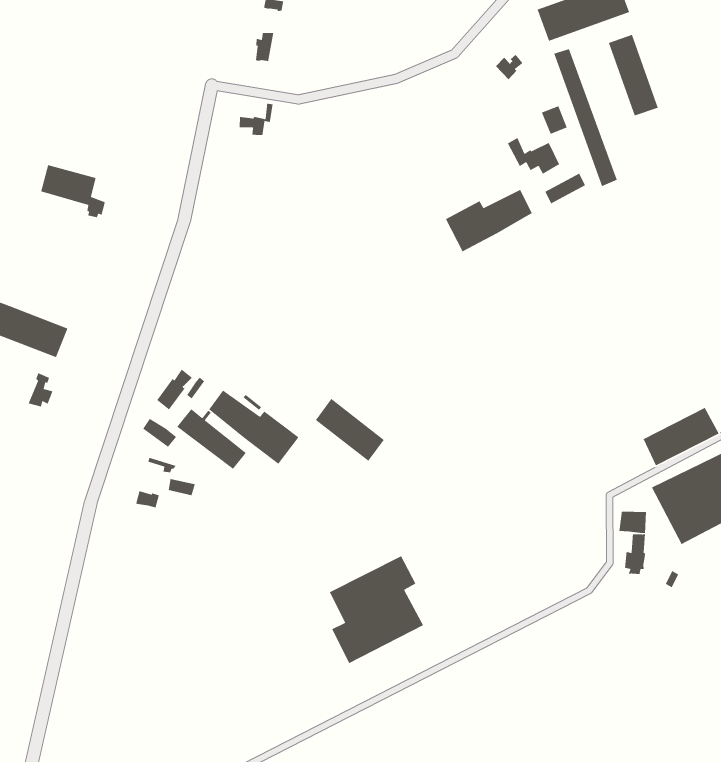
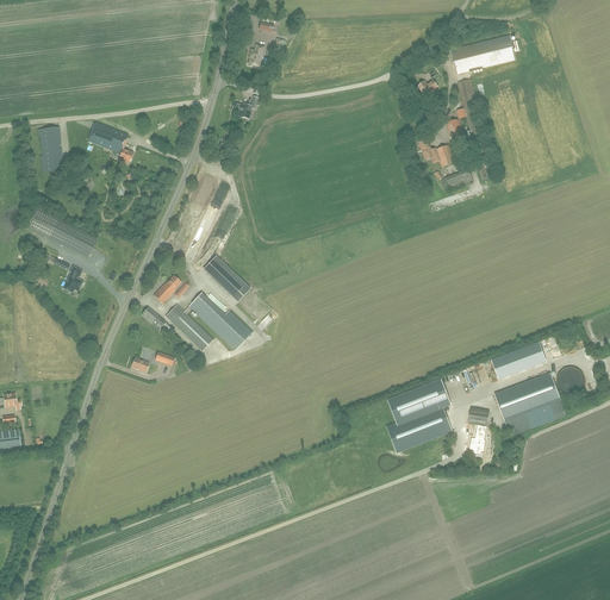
building: [608,34,659,117] -> none
building: [445,189,533,252] -> none
building: [315,398,385,462] -> [204,254,251,301]
building: [329,555,424,664] -> [386,379,452,451]

